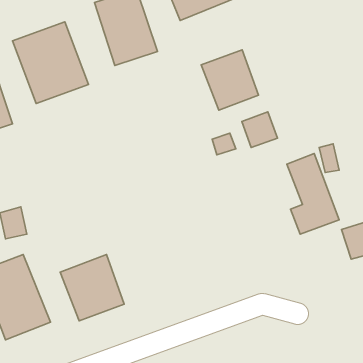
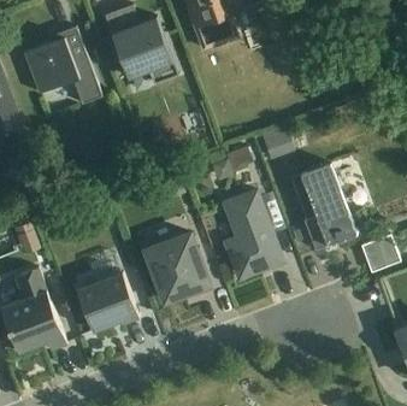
building: [201,50,259,110] -> none
building: none -> [220,188,287,282]
building: none -> [140,228,212,304]

